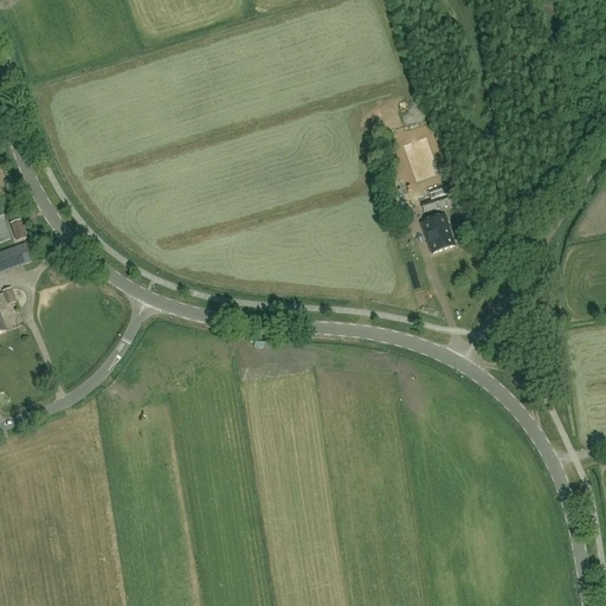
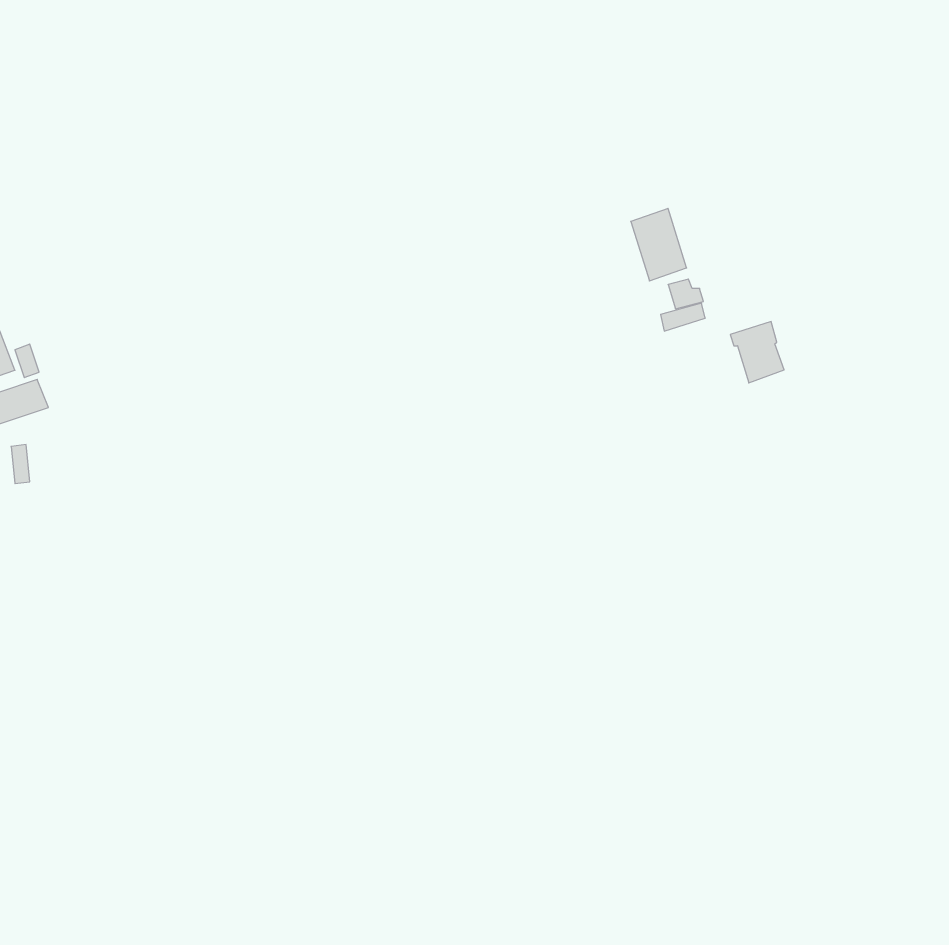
building: [418,214,452,253] -> [730,322,784,383]

